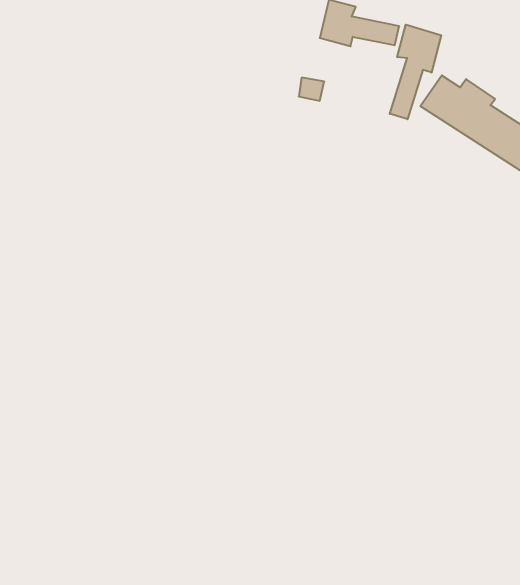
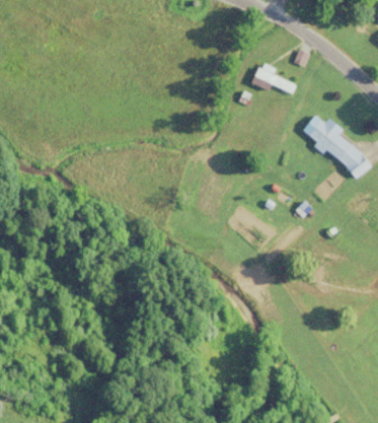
building: [390,25,441,119] -> none

